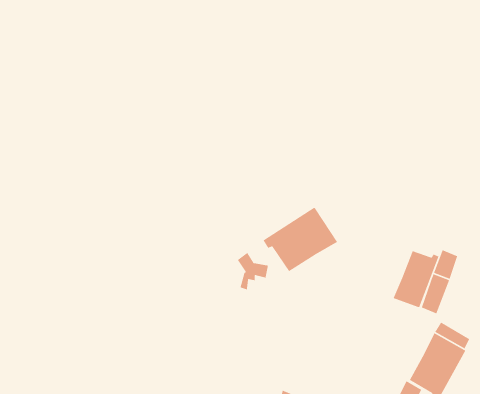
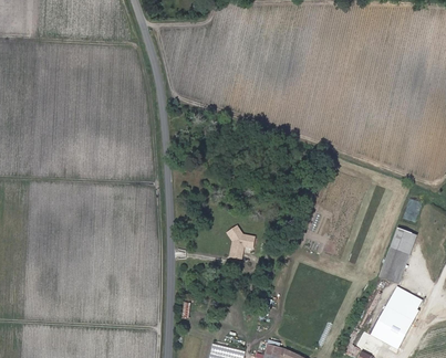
building: [263,207,338,272] -> none
building: [393,250,440,308] -> none

